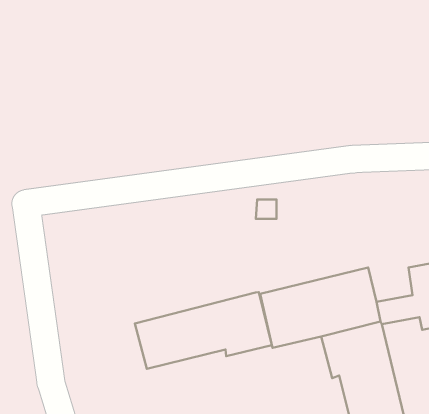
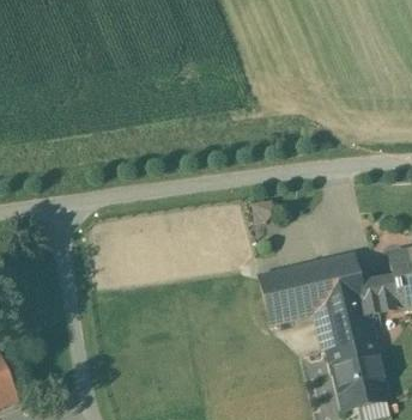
building: [135,292,272,369] -> none

